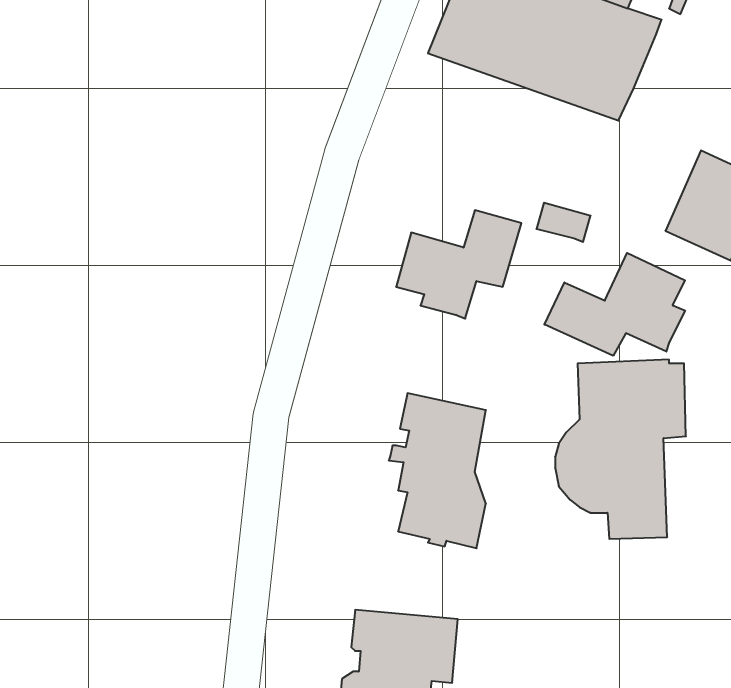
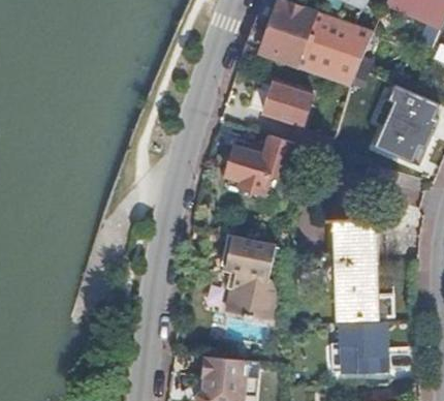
building: none -> [250,82,312,123]
building: [544,253,685,356] -> none
building: none -> [343,321,386,372]

